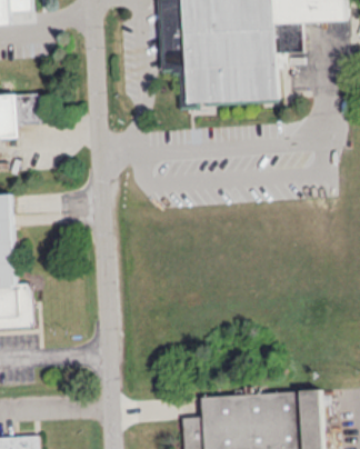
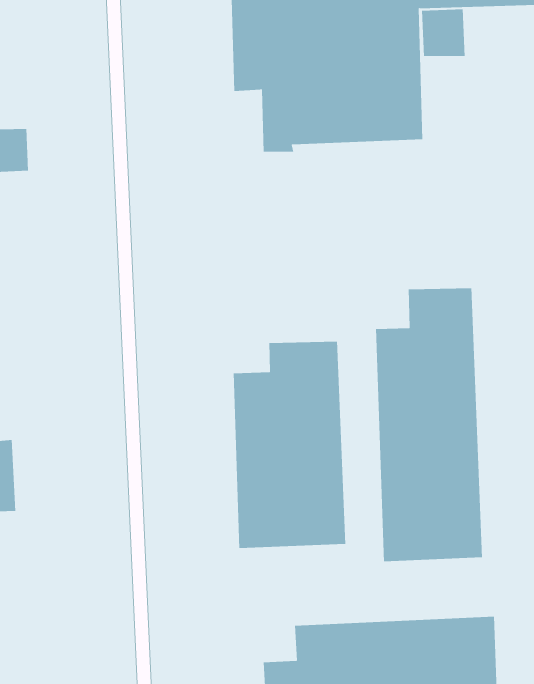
building: none -> [375,288,482,562]
building: none -> [233,341,346,549]

